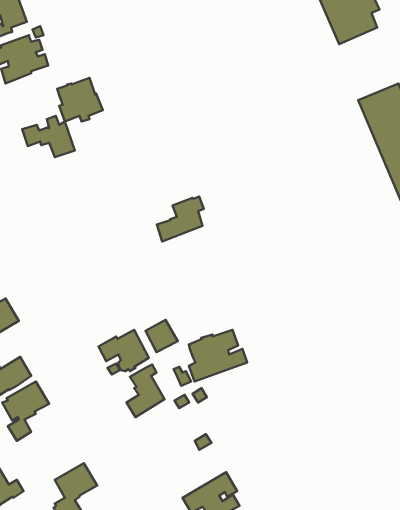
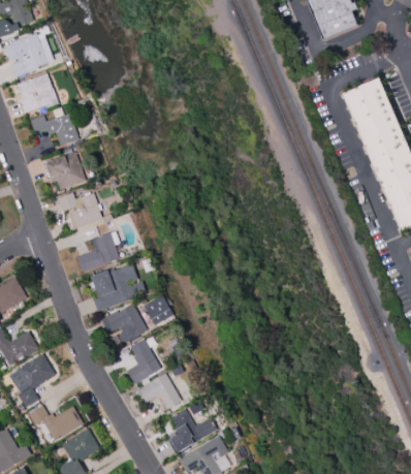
building: [57,78,103,121] -> [18,73,60,114]
building: none -> [46,152,87,190]
building: [157,197,204,241] -> [77,231,121,273]
building: none -> [58,192,114,231]
building: [189,330,247,381] -> [93,264,147,312]
building: none -> [138,374,183,410]
building: none -> [29,404,84,440]
building: none -> [168,409,218,455]

